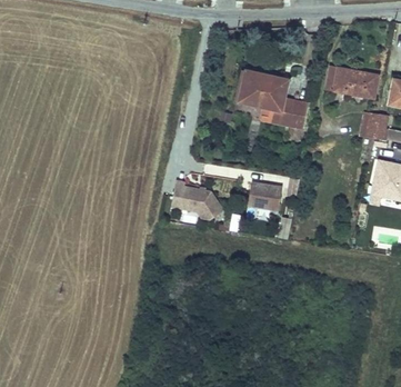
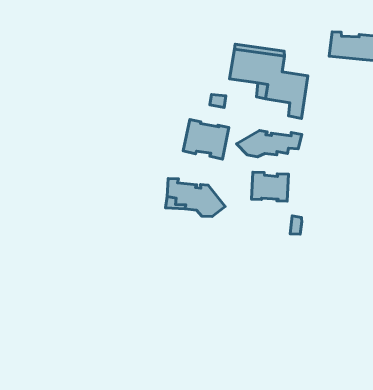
building: none -> [183,119,229,159]
building: none -> [236,131,302,157]

